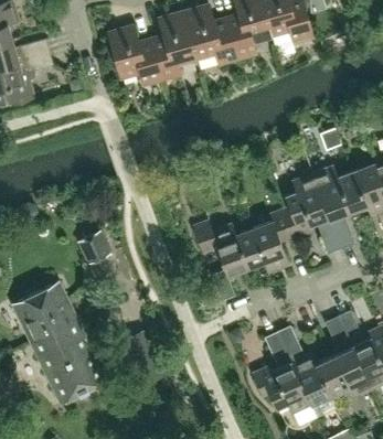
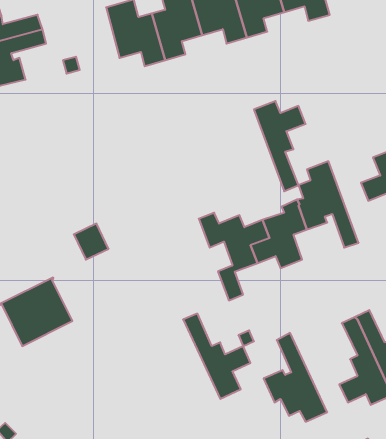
building: [312,165,360,248] -> [254,101,306,191]
building: [31,320,108,405] -> none
building: [277,325,339,404] -> [183,314,250,399]

